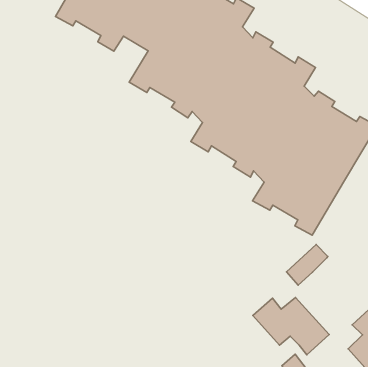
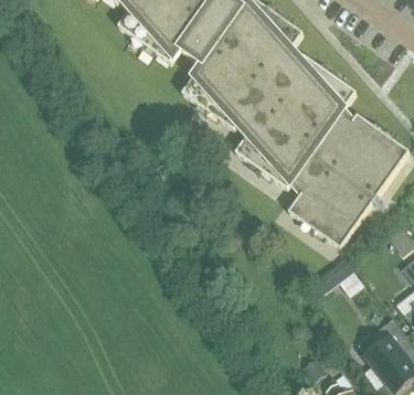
building: [253,298,329,355] -> none

